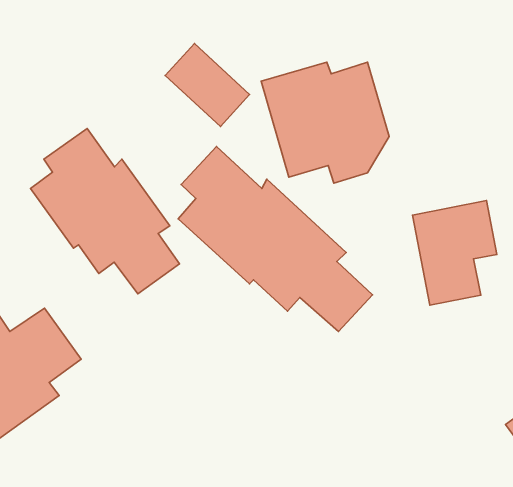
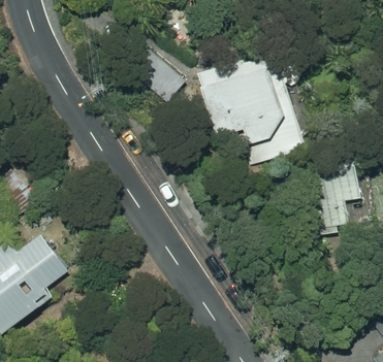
building: [30,128,180,294] -> none
building: [178,147,372,332] -> none

